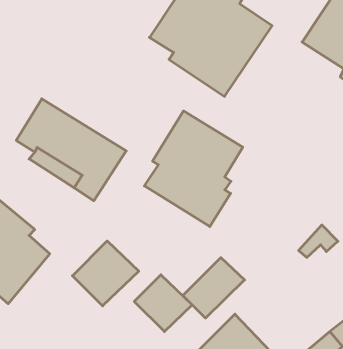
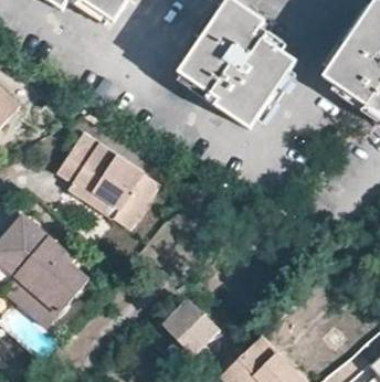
building: [144,111,243,227] -> none
building: [72,241,139,306] -> none
building: [183,258,245,318] -> none

